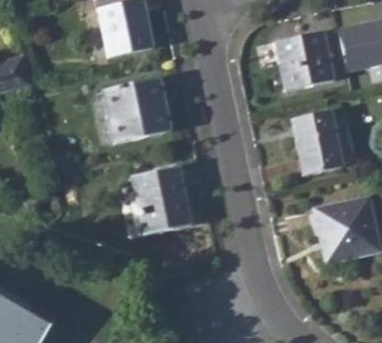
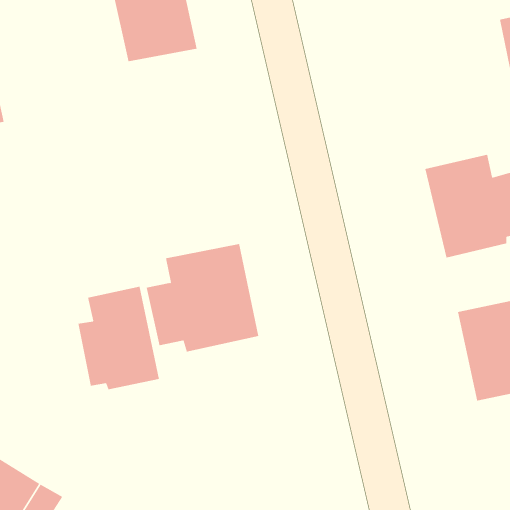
building: [274,32,335,91] -> none
building: [105,78,170,142] -> none
building: none -> [78,286,159,390]

